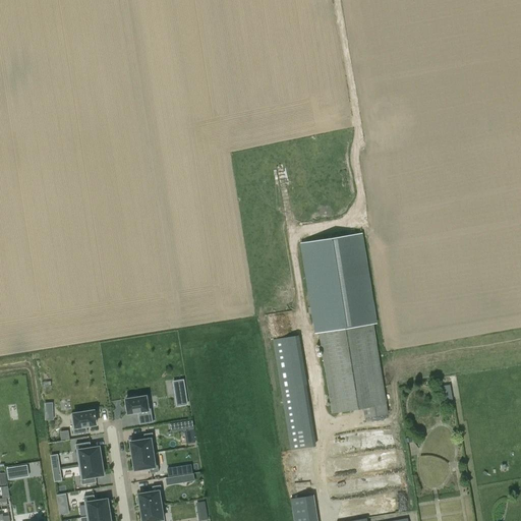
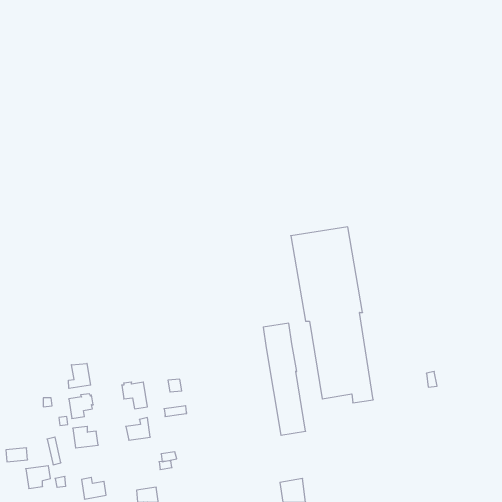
building: none -> [69,363,91,388]
building: [133,453,159,473] -> none
building: [78,461,104,484] -> [26,466,50,488]
building: [139,484,164,508] -> none

